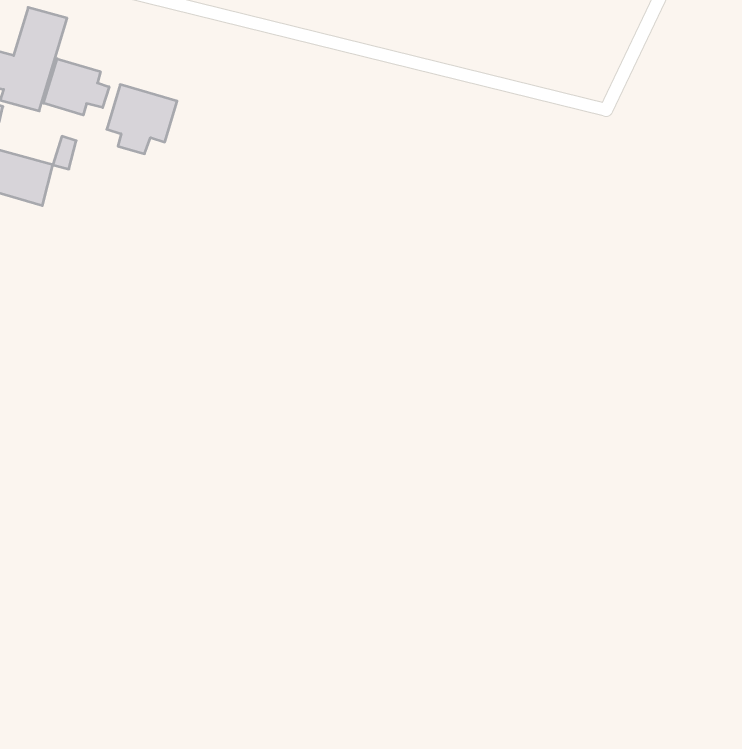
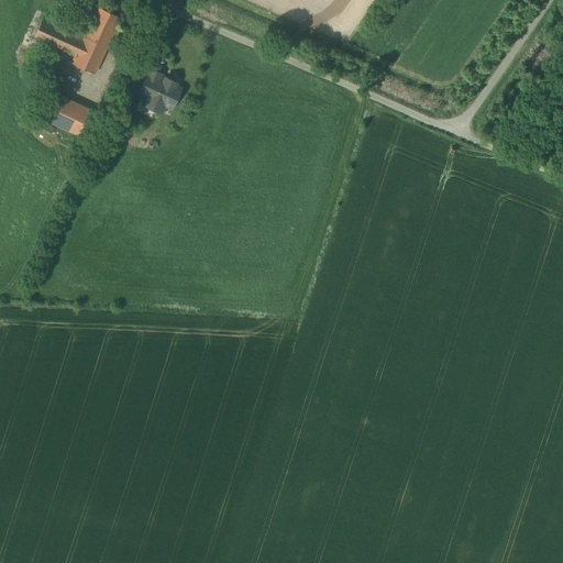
building: [44,59,109,115] -> none

